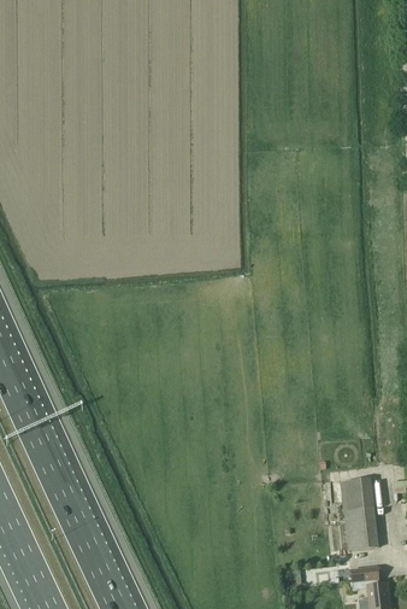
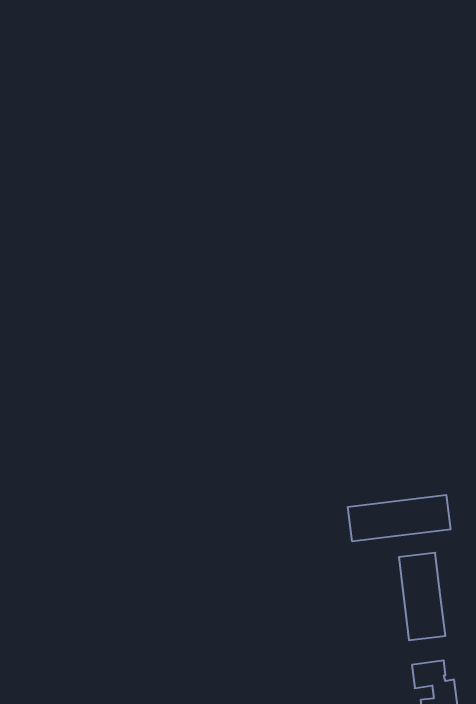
building: none -> [348,495,451,541]

